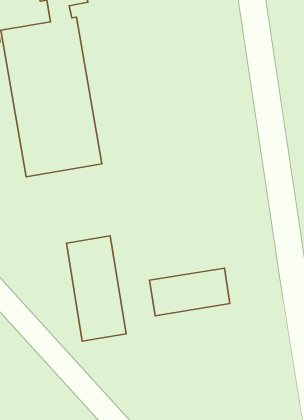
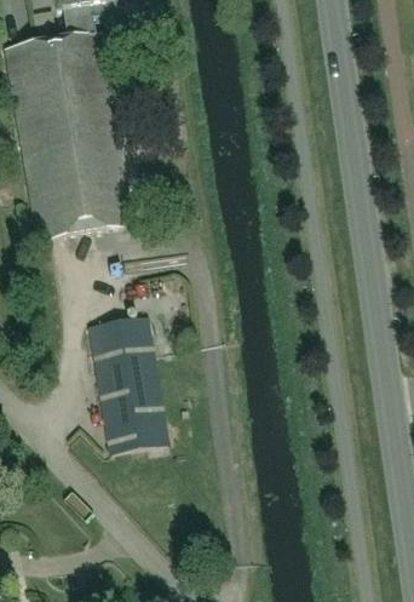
building: [150,268,230,316] -> none

